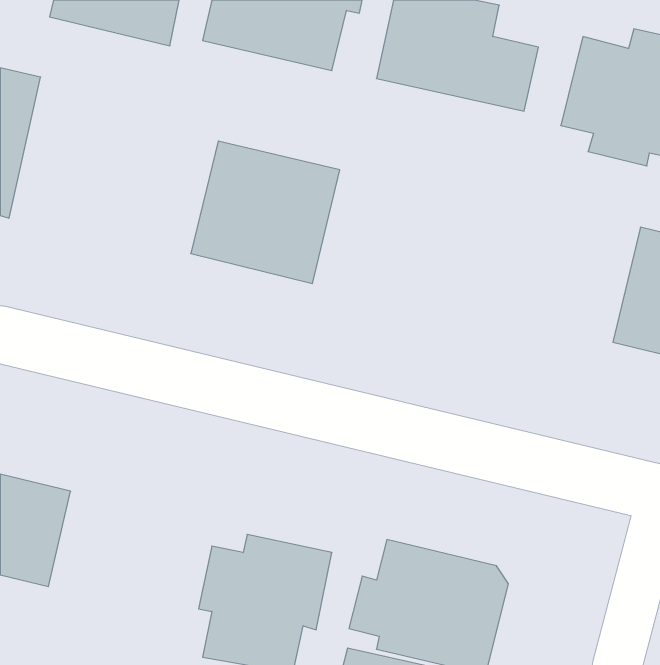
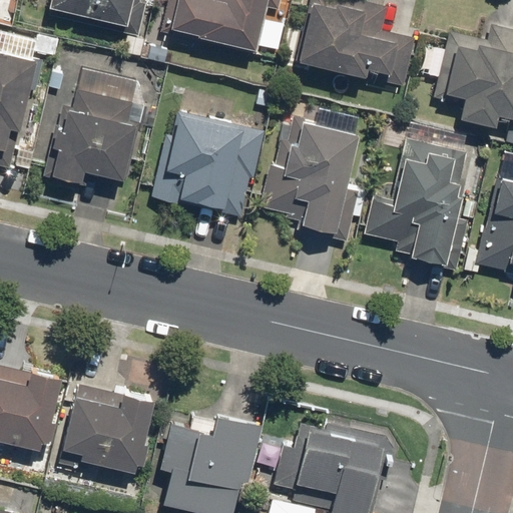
building: none -> [44,68,153,185]
building: none -> [258,117,360,239]
building: none -> [365,122,475,266]
building: none -> [57,383,154,474]

